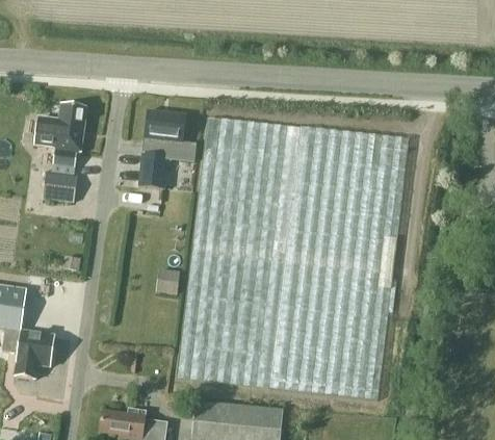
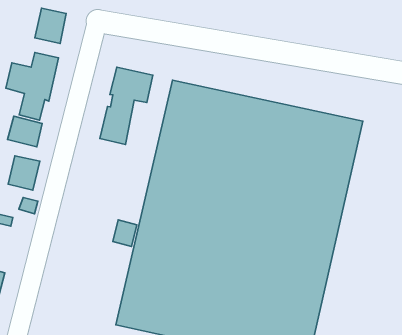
building: none -> [35,8,66,44]
building: none -> [8,156,40,190]

